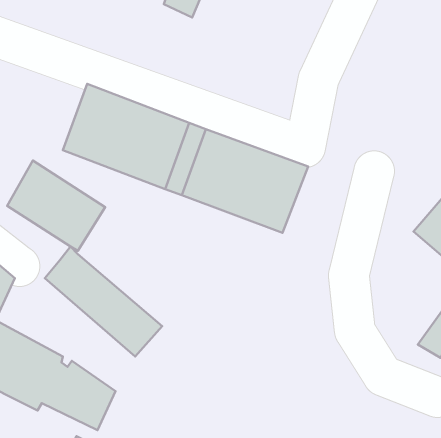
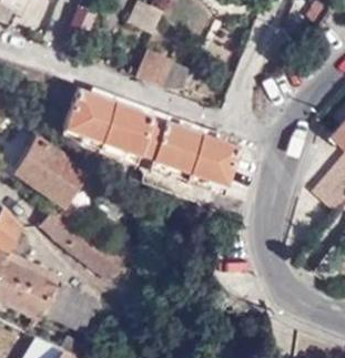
building: none -> [131,51,191,92]

